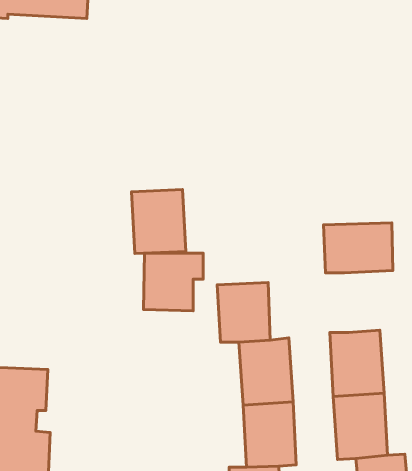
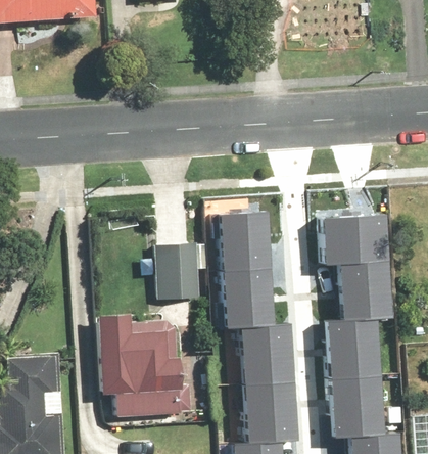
building: [132,190,186,254] -> [218,214,269,274]
building: none -> [340,261,391,319]
building: none -> [96,315,187,416]

